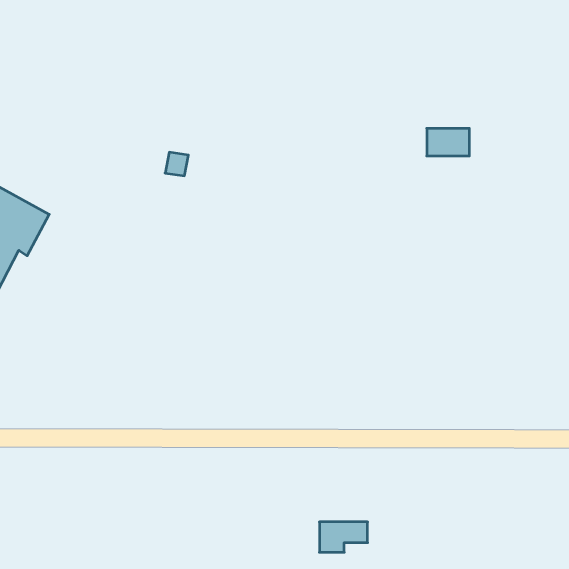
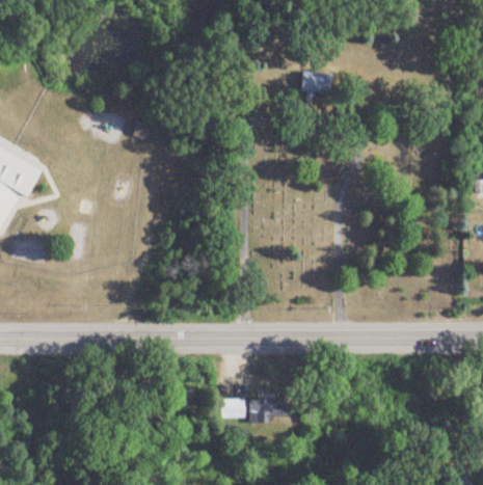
building: [427,128,469,156] -> [299,73,331,93]
building: none -> [219,399,243,416]

